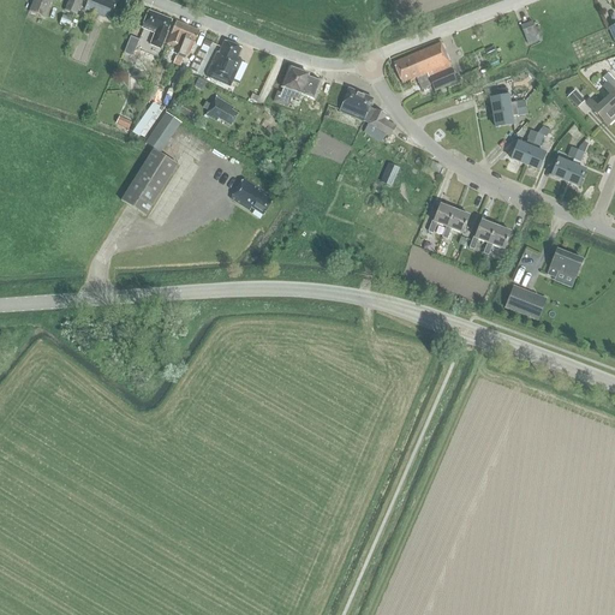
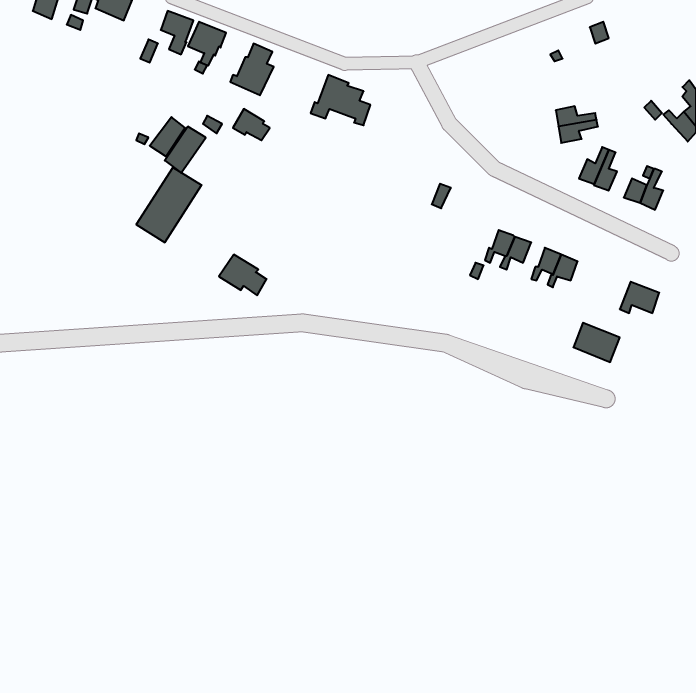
building: [393,42,456,89] -> none
building: [339,86,395,141] -> none
building: [229,178,271,214] -> [219,255,267,295]

